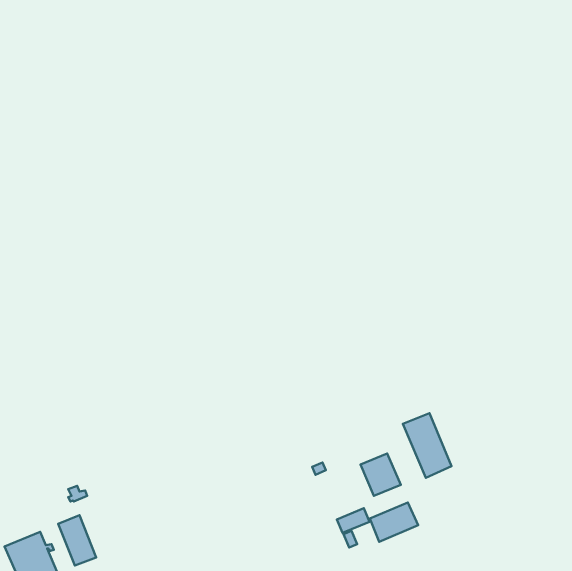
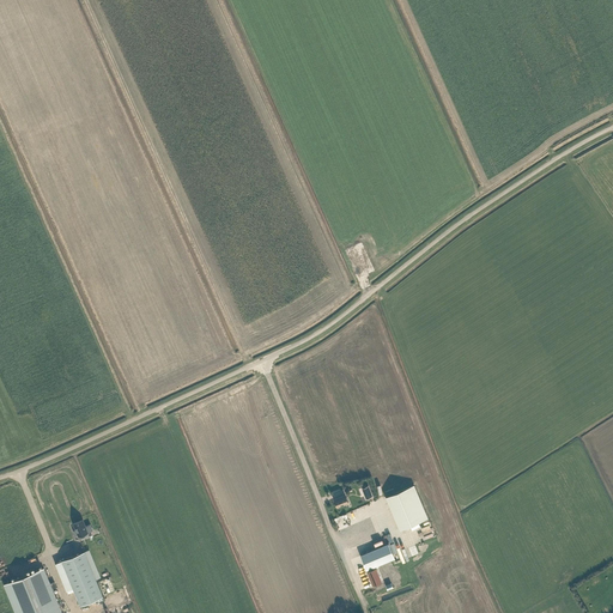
building: [403,413,451,478] -> none
building: [370,503,418,542] -> none

